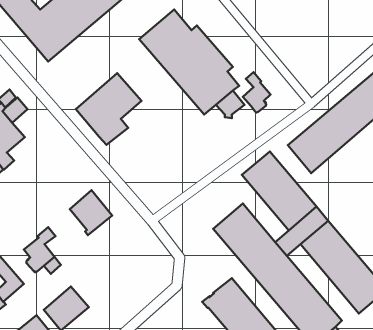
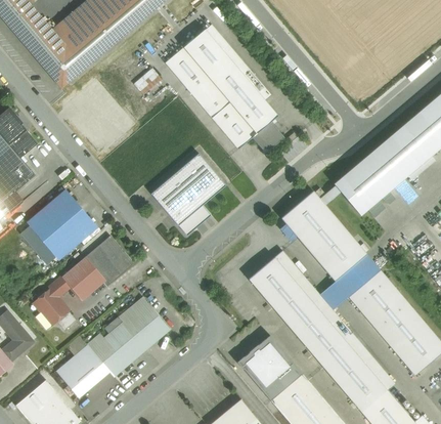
building: [243,72,270,112] -> none
building: [76,73,142,145] -> [151,154,226,236]
building: none -> [30,194,95,257]
building: none -> [61,257,105,301]
building: none -> [87,298,170,377]

